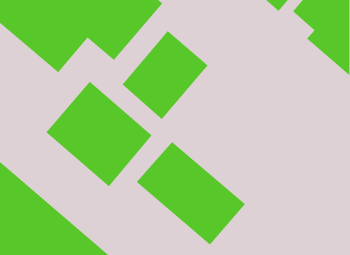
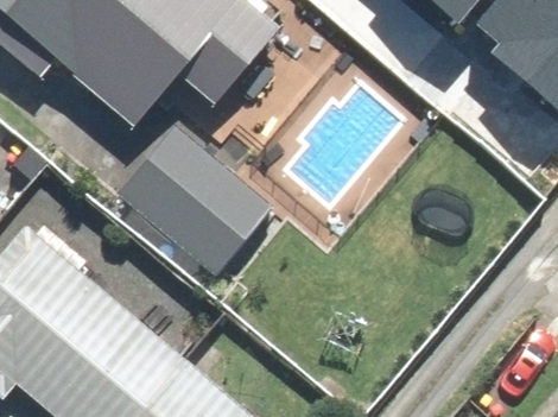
building: [122,30,209,120] -> none
building: [136,141,246,246] -> none

